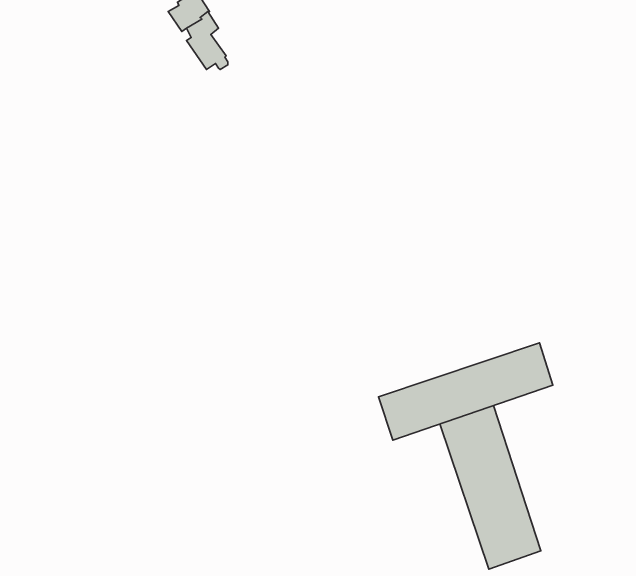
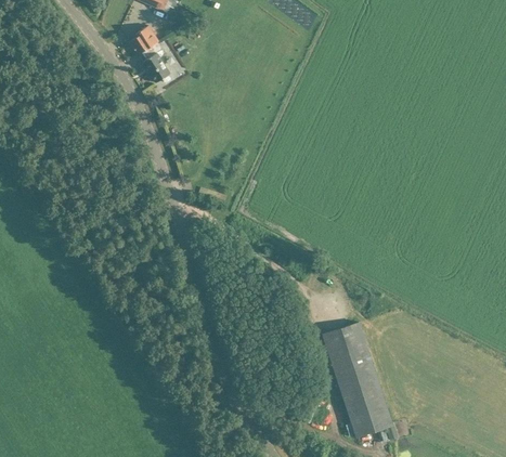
building: [379,343,553,440] -> none

